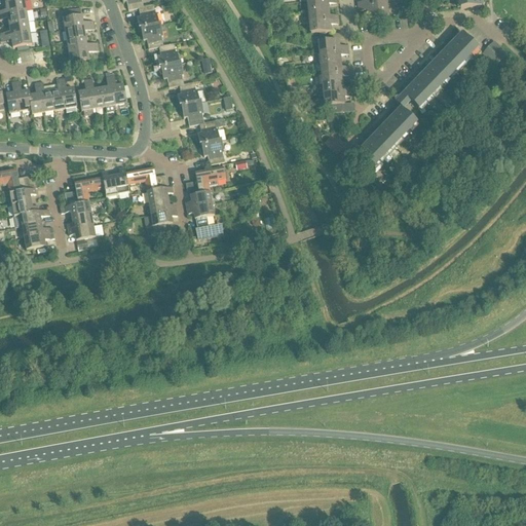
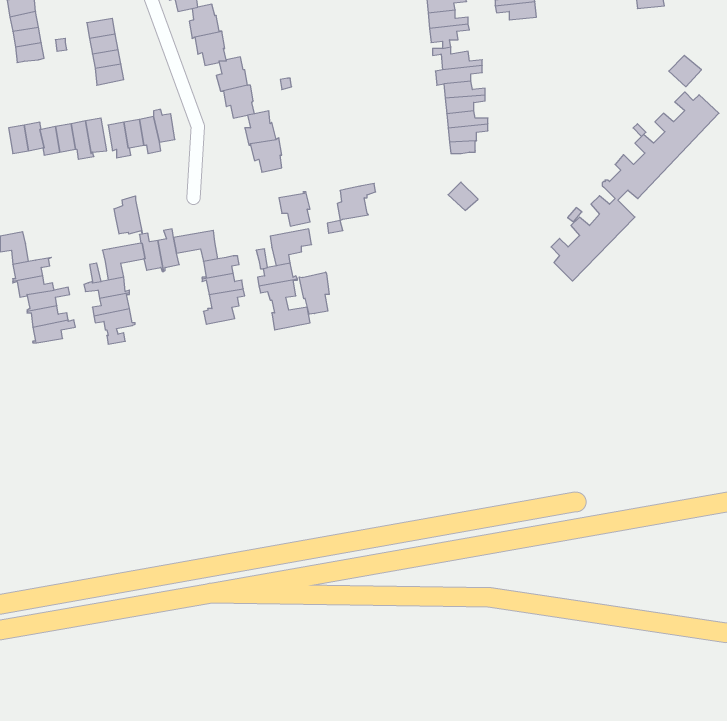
building: [356,31,478,167] -> [551,92,719,281]
building: [197,117,225,144] -> [337,183,376,220]
building: none -> [114,196,142,234]
building: none -> [299,272,329,314]

